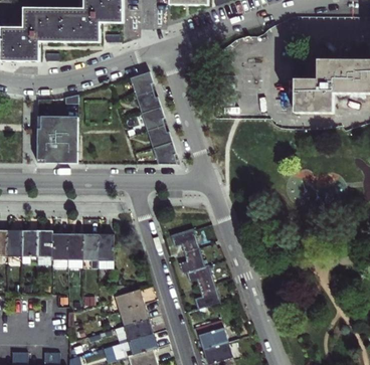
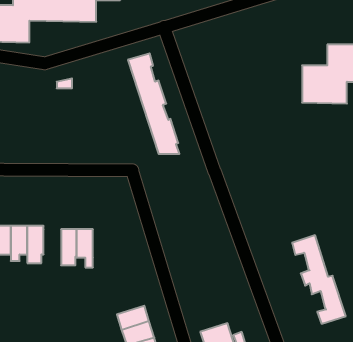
building: [37,117,77,163] -> none
building: [171,227,220,309] -> [292,235,346,324]
building: [52,233,68,259] -> none
building: [98,233,114,268] -> none
building: [115,289,145,312] -> none

